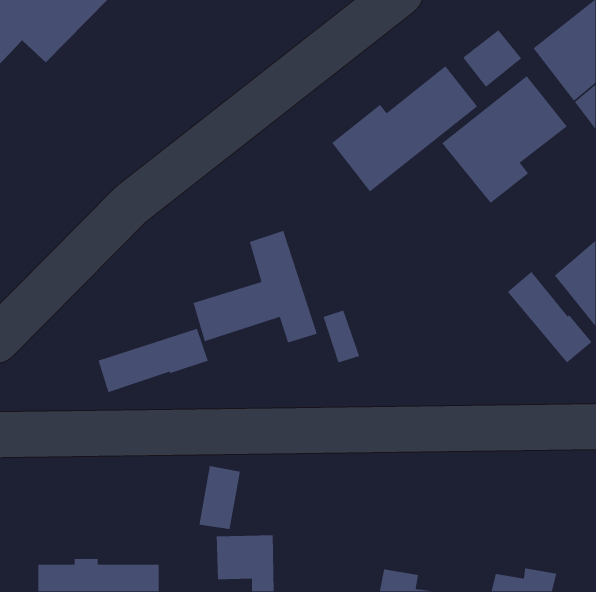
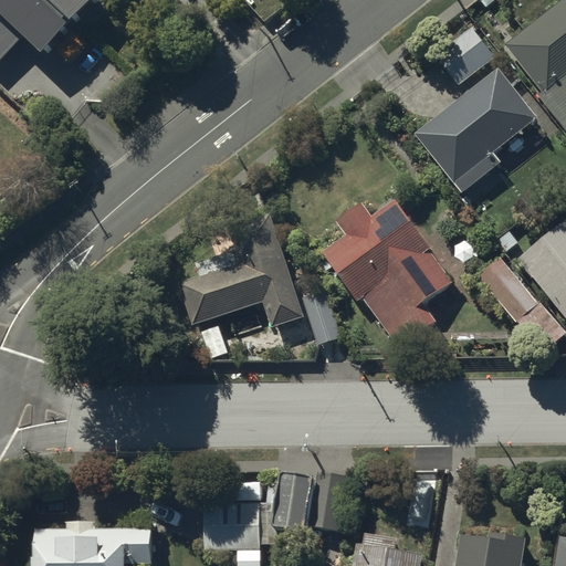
building: [331,65,478,192] -> none
building: none -> [324,201,450,343]
building: [98,328,209,393] -> none
building: [199,465,241,530] -> [273,471,313,532]

